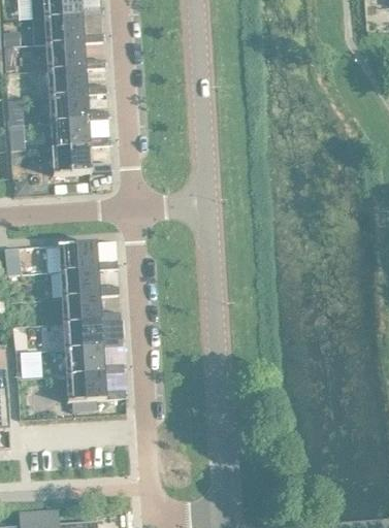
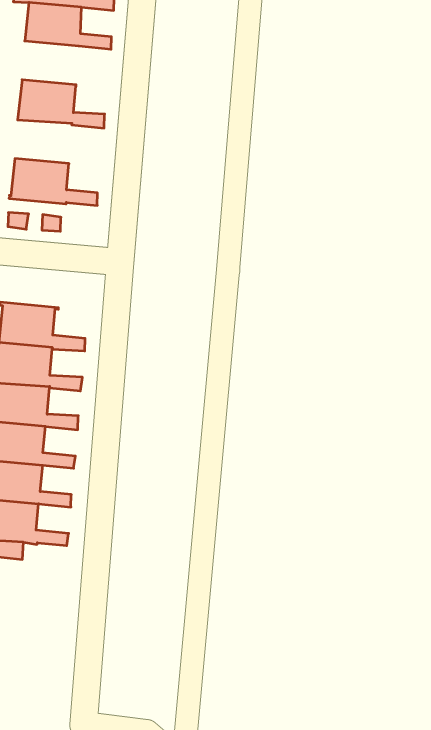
building: [46,65,105,93] -> none
building: [50,117,108,145] -> none

